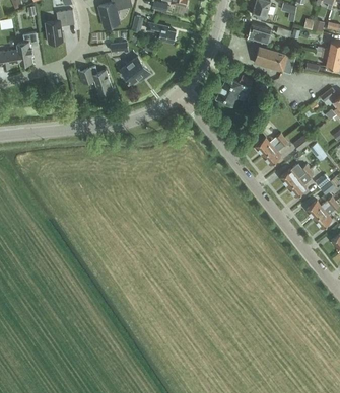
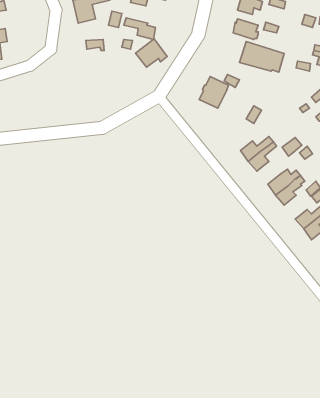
building: [46,10,75,43] -> none
building: [121,57,150,83] -> [136,39,167,67]
building: [79,66,113,94] -> none

